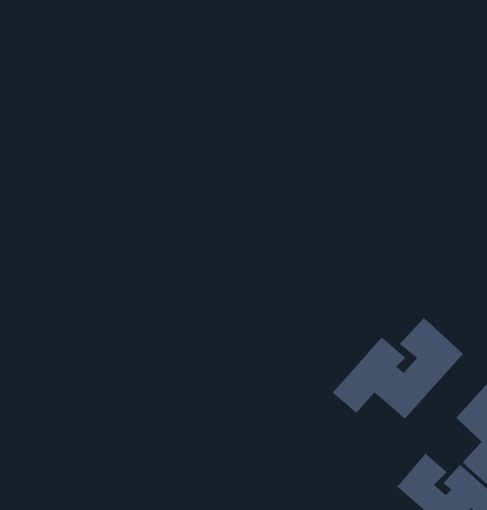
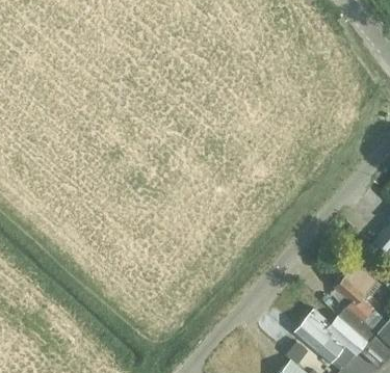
building: [332,317,464,420] -> none

